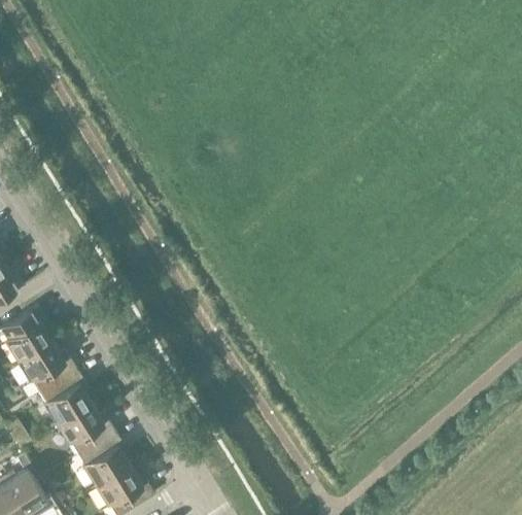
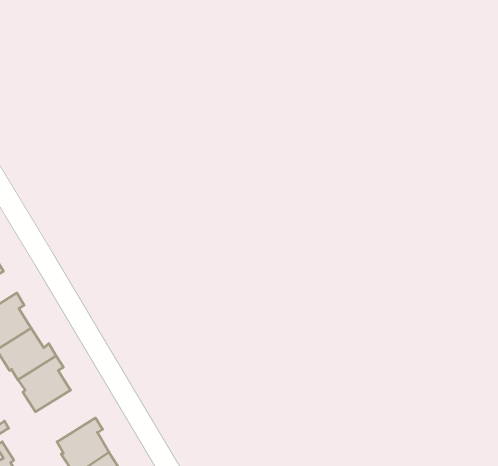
building: [57,404,116,455] -> none

